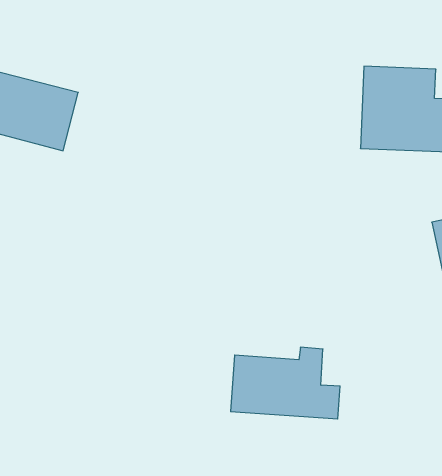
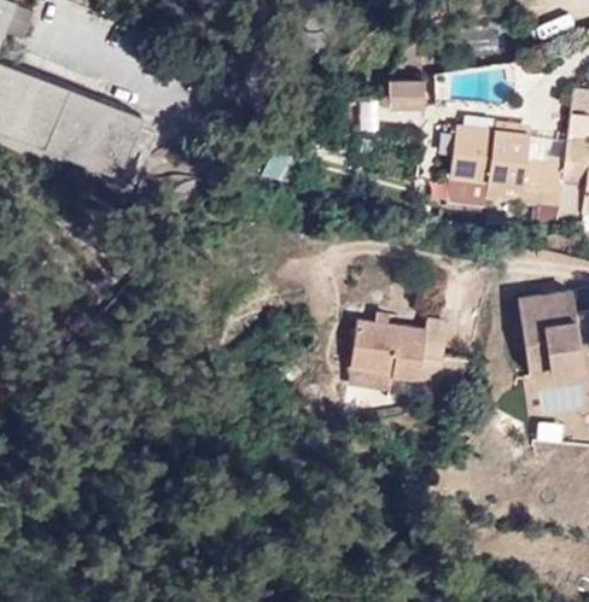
building: none -> [387,76,428,107]
building: [231,347,340,419] -> [349,314,468,393]

